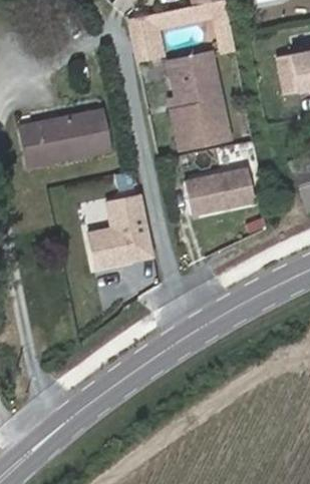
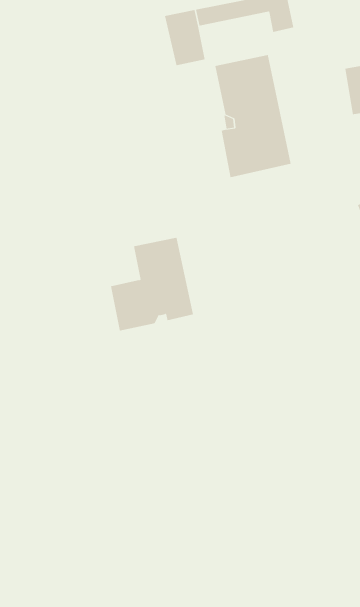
building: [16,115,105,170] -> none
building: [185,162,254,209] -> none

